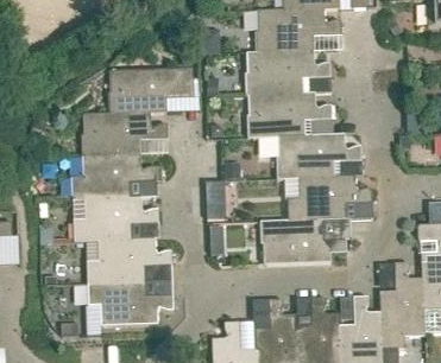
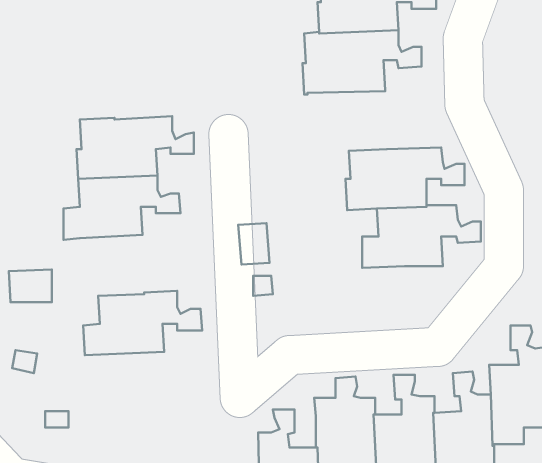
building: [109,66,194,113] -> none
building: [247,90,332,136] -> none
building: [74,195,158,241] -> none
building: [260,218,347,263] -> none
building: [88,280,174,325] -> none

